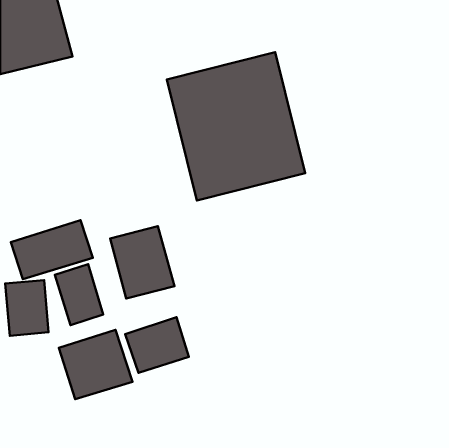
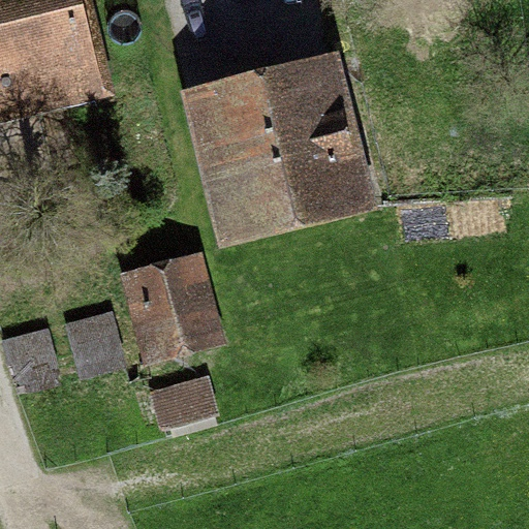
building: [11,220,93,279] -> none
building: [59,330,133,399] -> none

